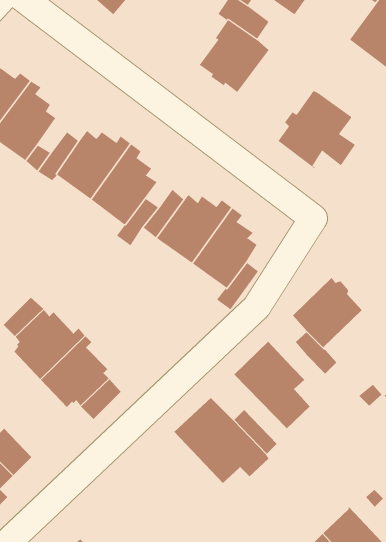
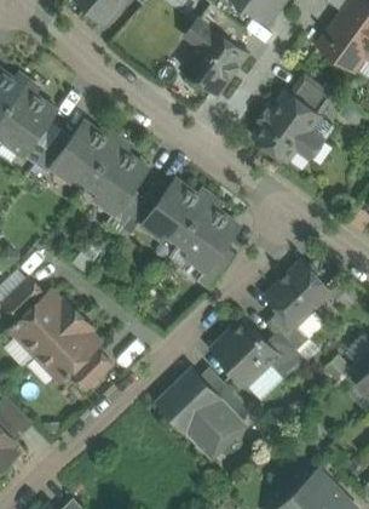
building: none -> [290,74,335,115]
building: none -> [266,331,307,379]

